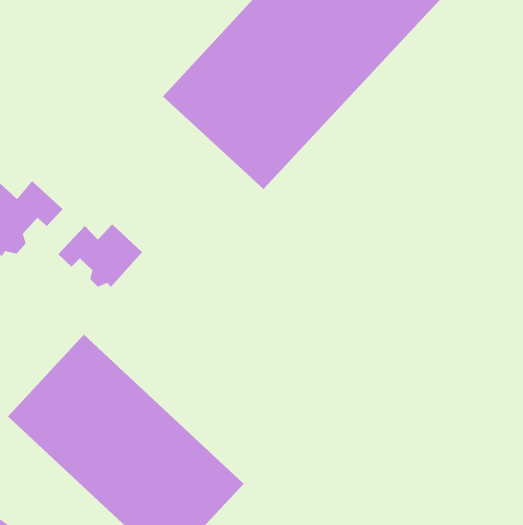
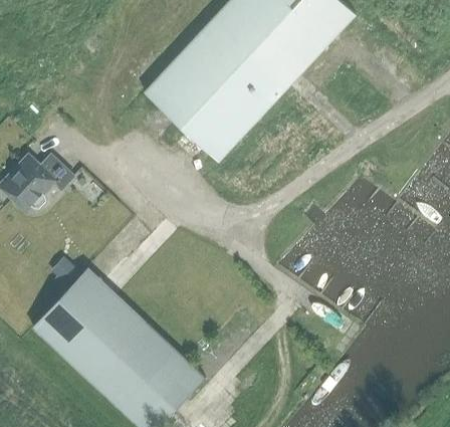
building: [57,223,143,288] -> none

